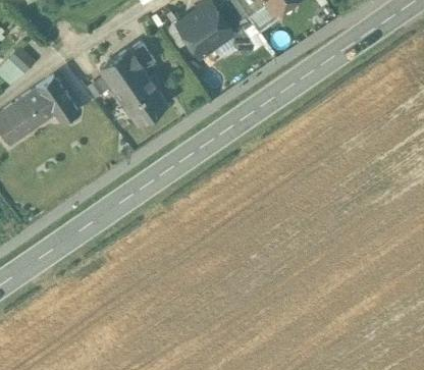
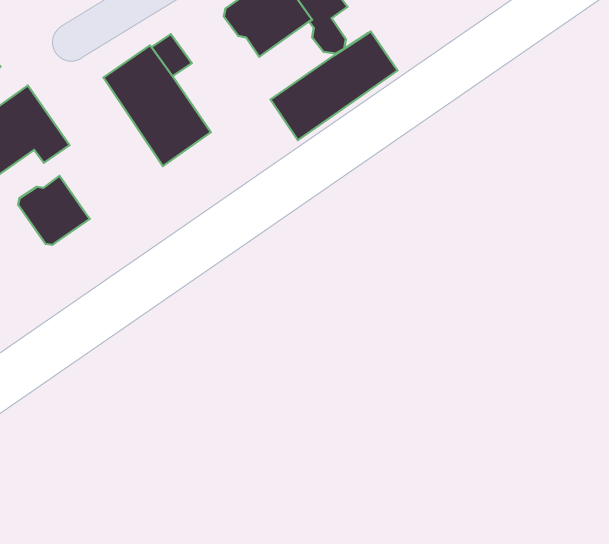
building: none -> [270,32,397,140]
building: none -> [18,176,90,245]

